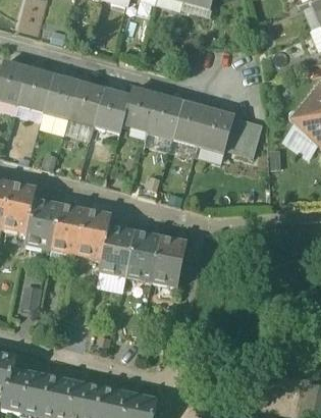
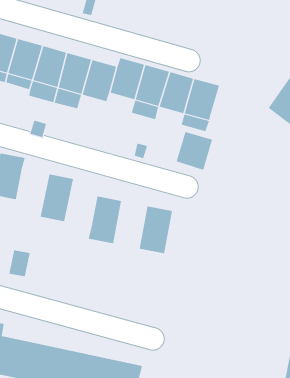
building: [225,114,263,154] -> [176,132,213,171]
building: [25,199,60,248] -> none
building: [76,209,111,258] -> none
building: [126,231,160,280] -> none

